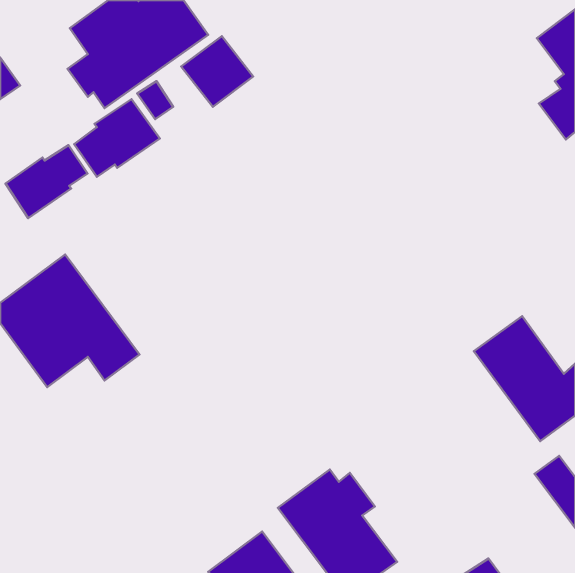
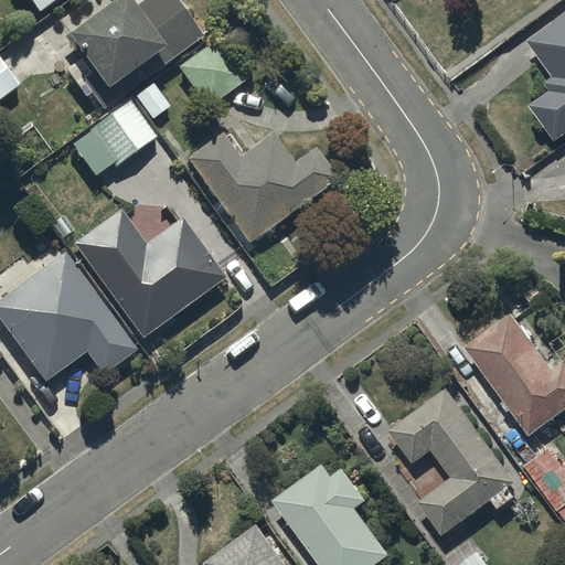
building: none -> [188,131,339,243]
building: [5,145,88,218] -> none
building: none -> [73,210,226,339]
building: none -> [388,386,515,534]

